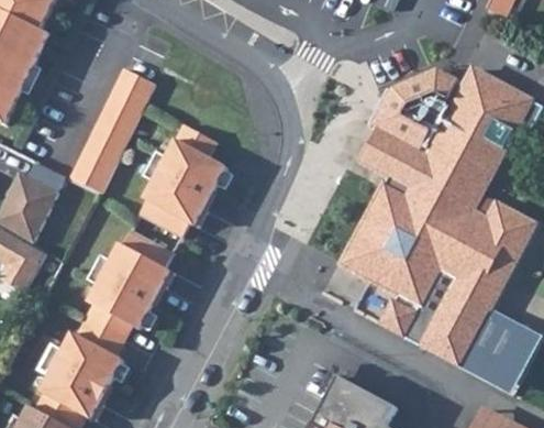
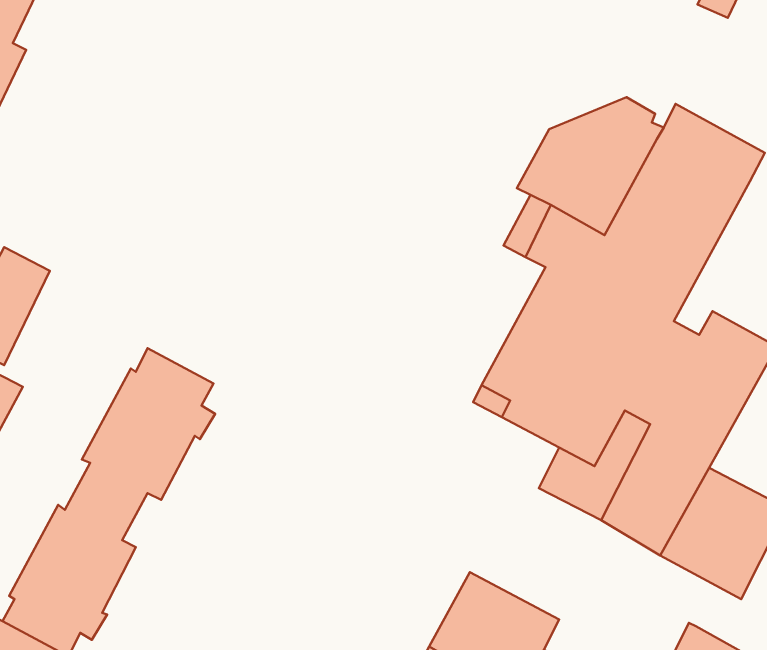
building: [68,70,156,195] -> none
building: [135,124,223,239] -> none

